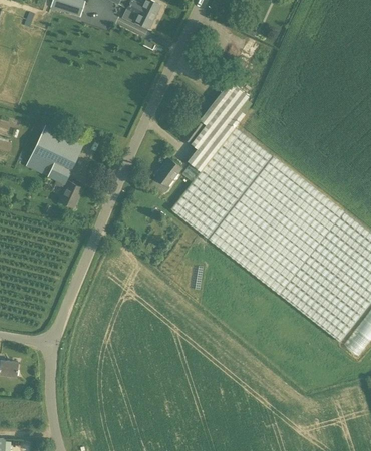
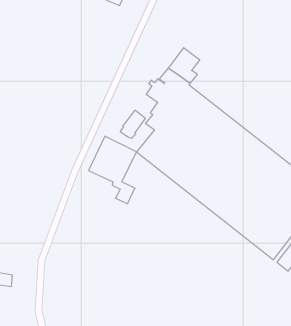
building: [25,124,84,207] -> [89,136,137,204]

